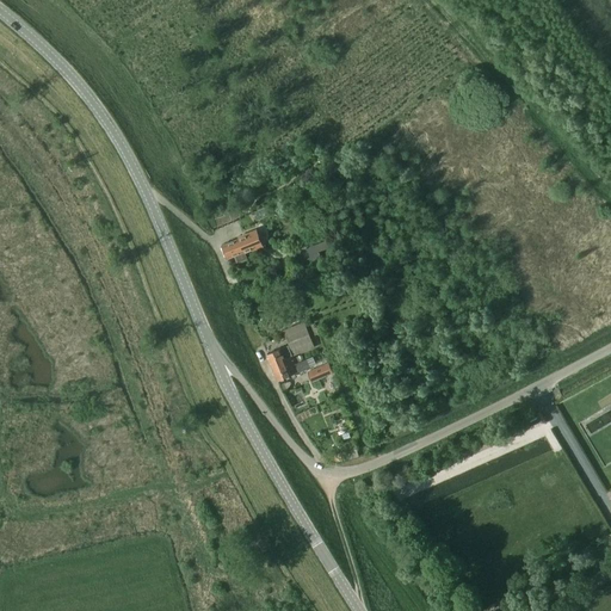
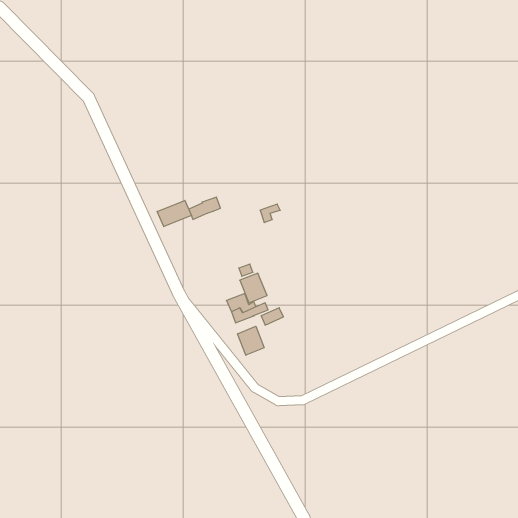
building: none -> [157,200,191,227]
building: none -> [238,326,264,355]

